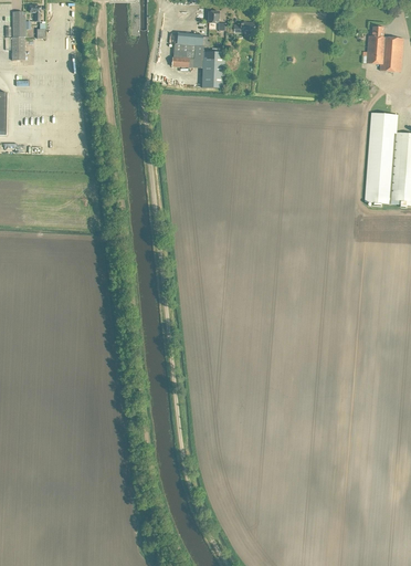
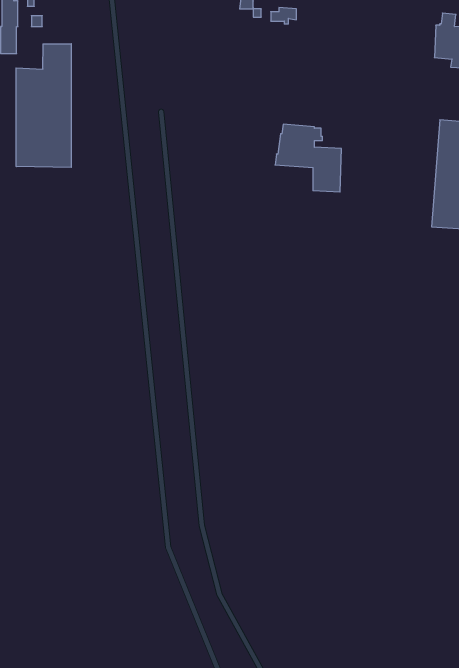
building: [170,32,224,87] -> [275,124,341,192]
building: none -> [16,44,71,167]

